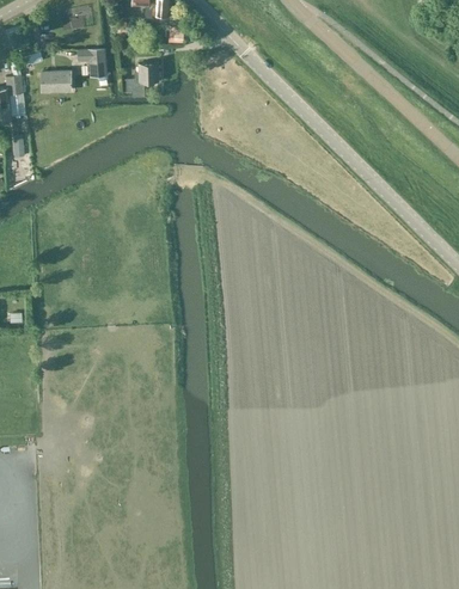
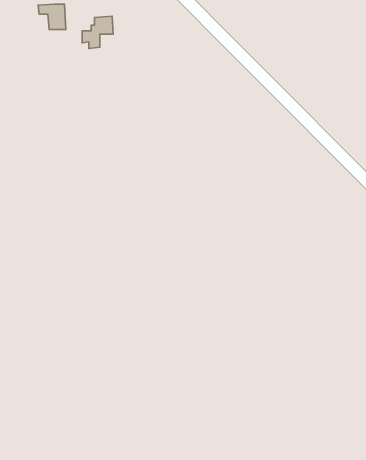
building: [41,72,71,91] -> none

